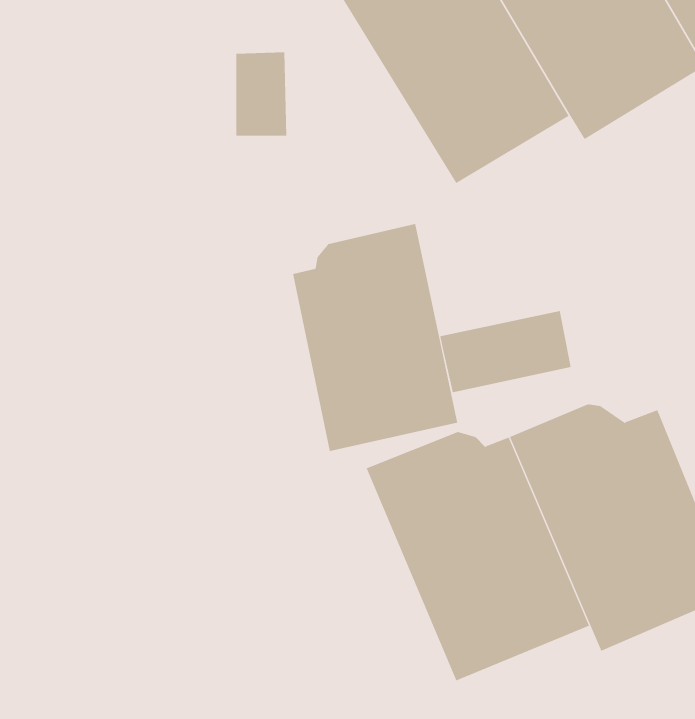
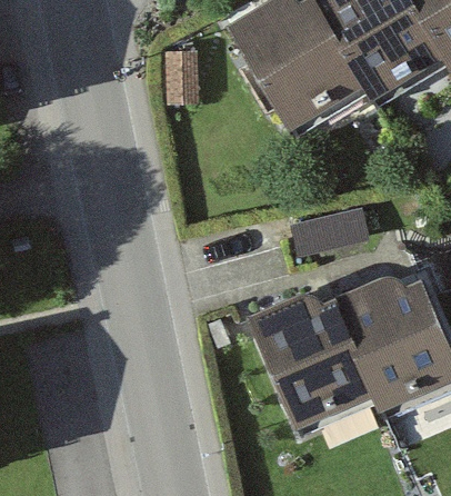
building: [293,223,458,452] -> none

